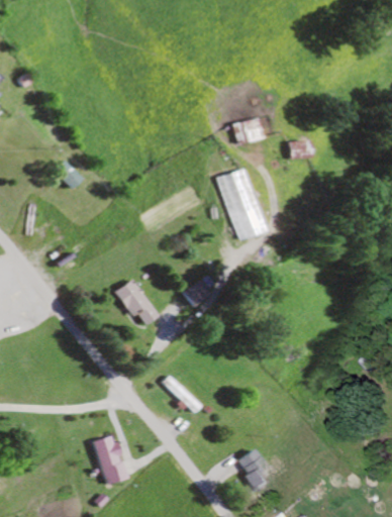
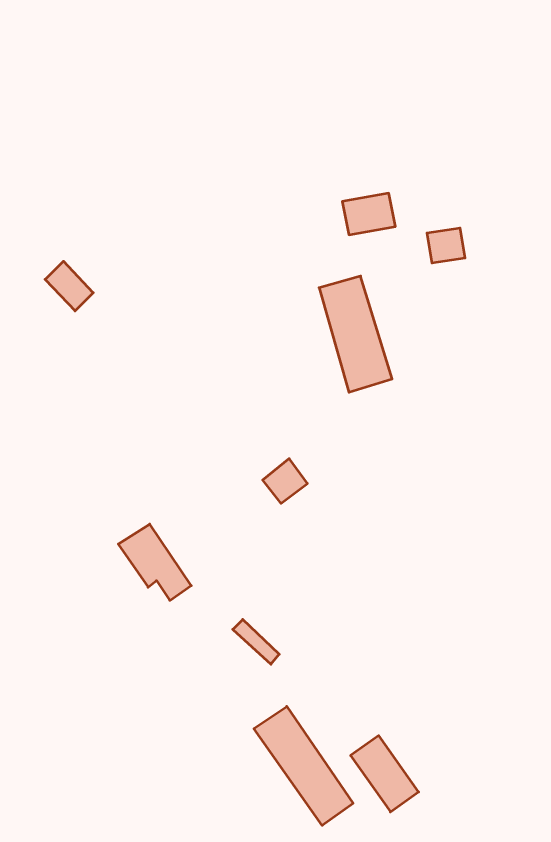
building: [115,279,160,325] -> [118,524,191,600]
building: none -> [254,706,353,825]
building: [96,435,130,485] -> none

